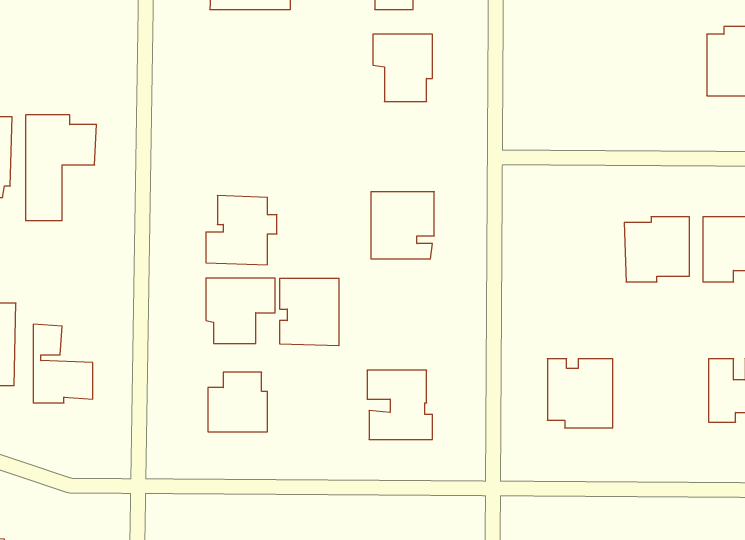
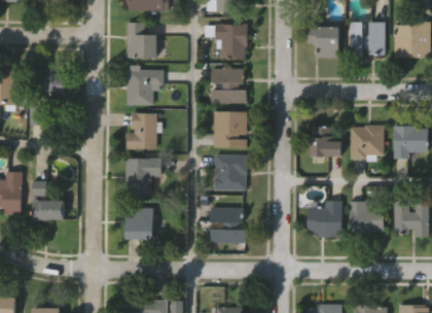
building: none -> [350,22,385,59]
building: none -> [125,24,158,60]
building: none -> [308,26,338,57]
building: none -> [124,67,163,107]
building: none -> [209,67,247,102]
building: none -> [311,124,340,155]
building: [280,278,339,346] -> [214,153,246,189]
building: none -> [348,201,383,234]

